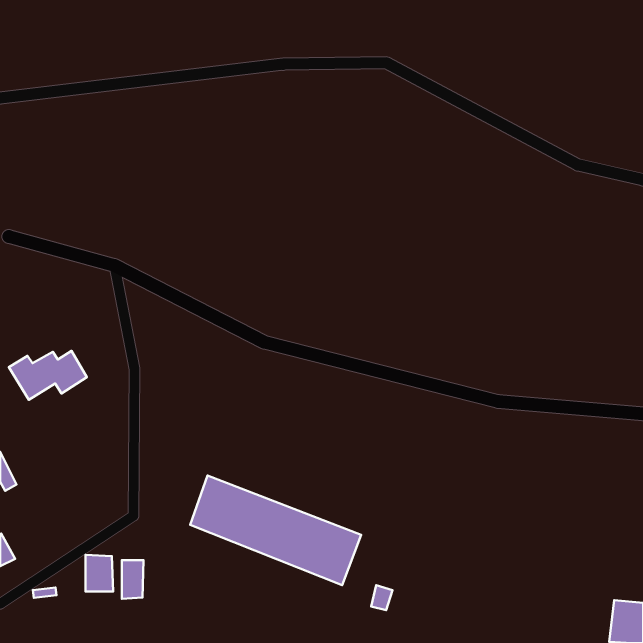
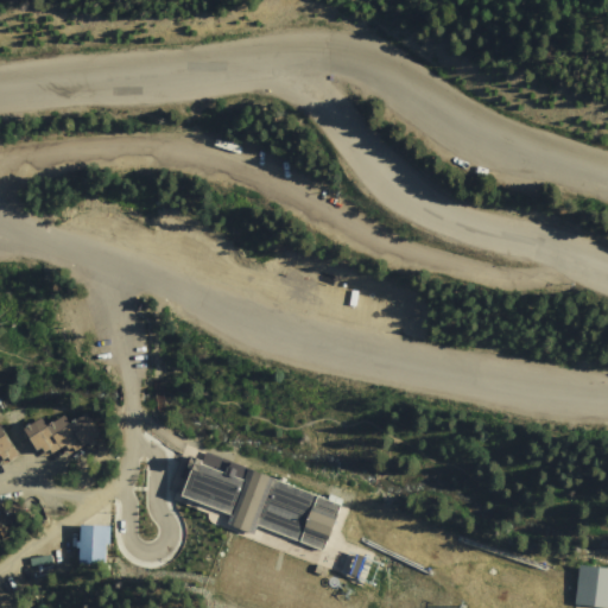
building: [9,351,87,400] -> [21,416,95,462]
building: [122,560,144,599] -> none

